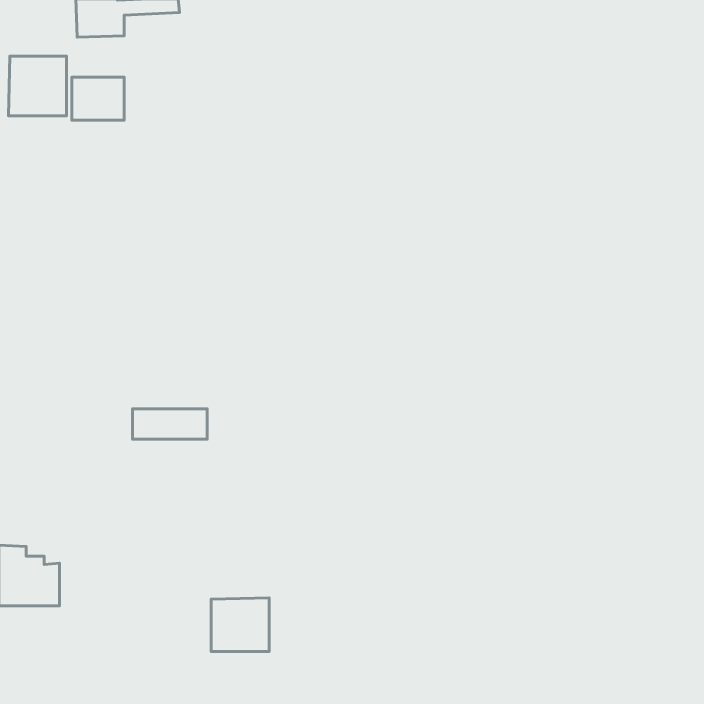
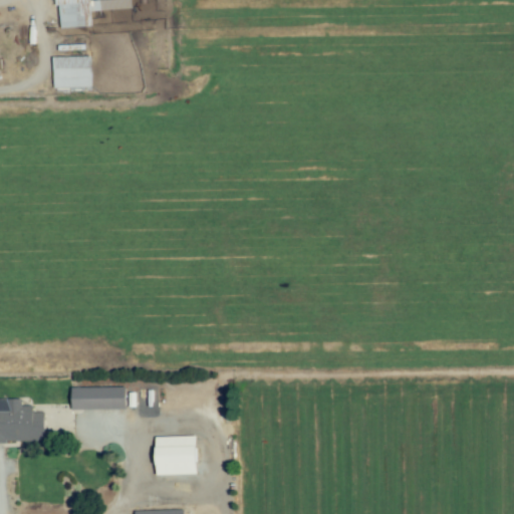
building: [8,56,66,116] -> none
building: [133,409,207,439] -> [70,387,124,409]

